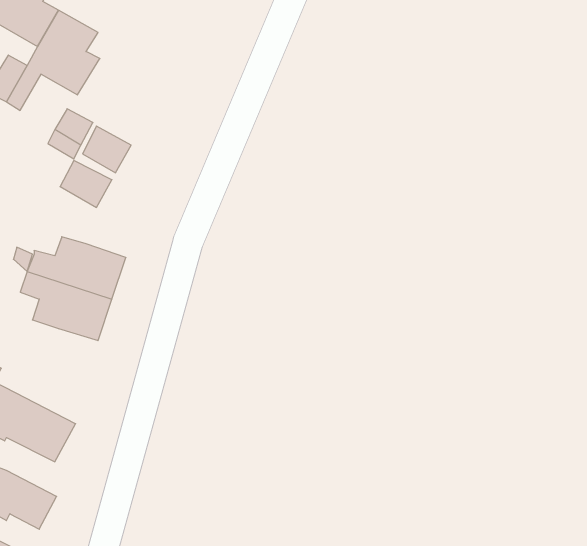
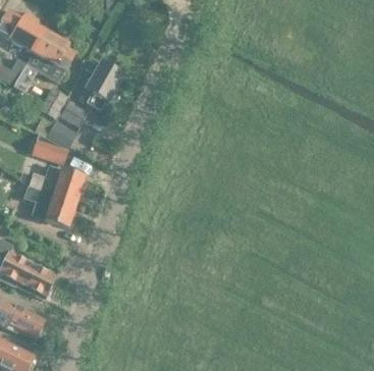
building: none -> [78,62,125,111]
building: none -> [34,134,69,163]

